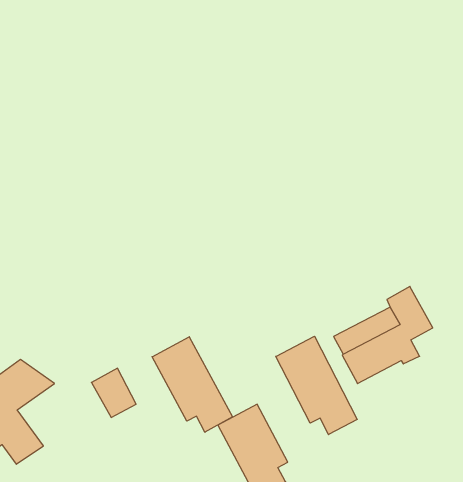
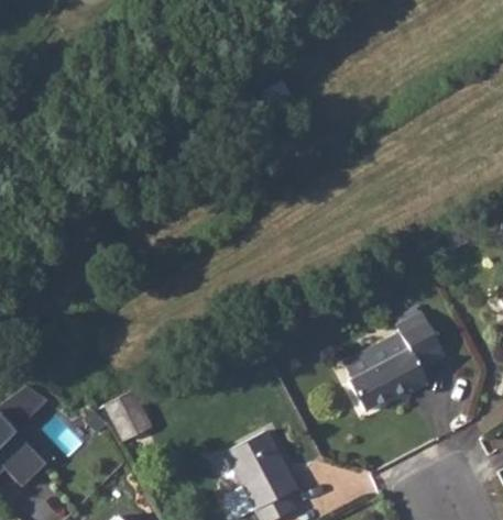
building: [276,336,357,435] -> none
building: [152,337,233,432] -> none

